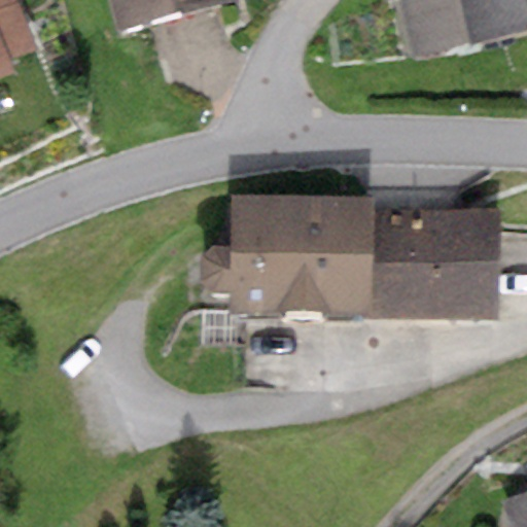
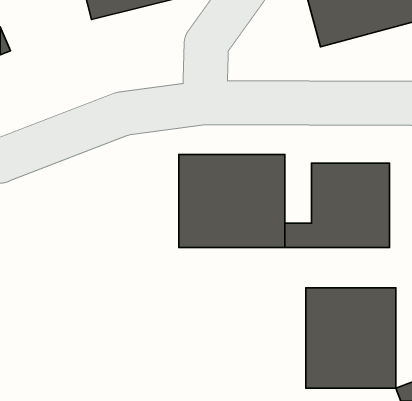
building: none -> [306,288,396,388]

